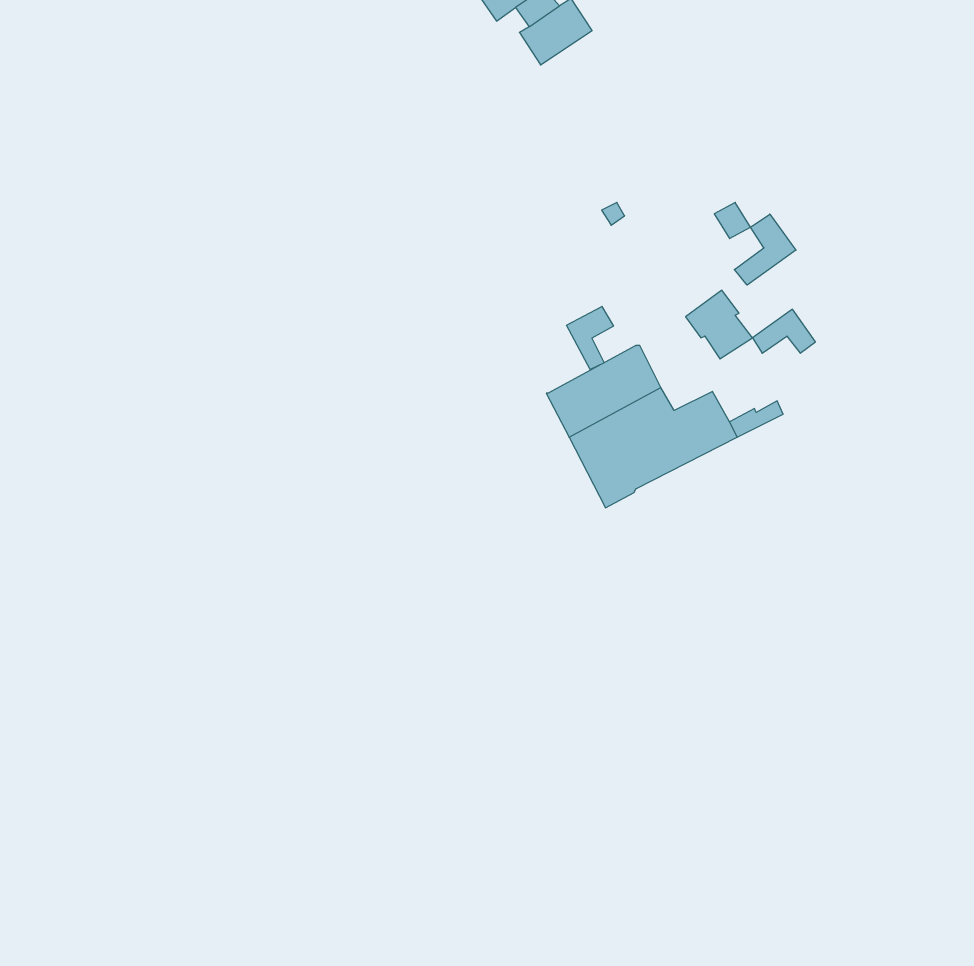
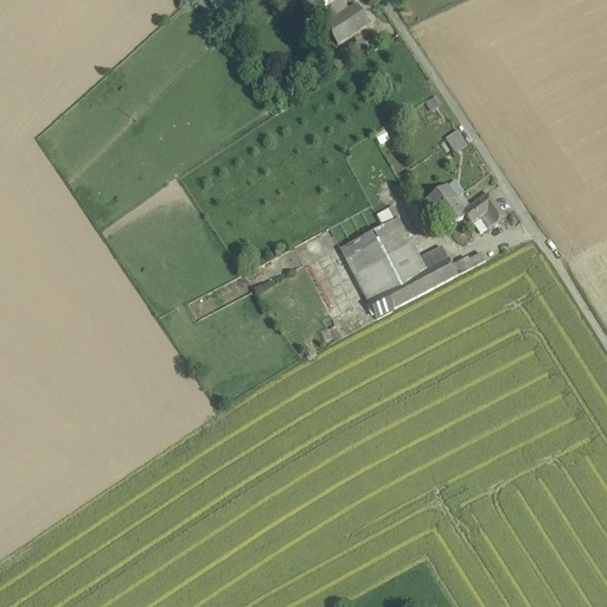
building: [734,214,796,285] -> none
building: [567,306,613,370] -> none

